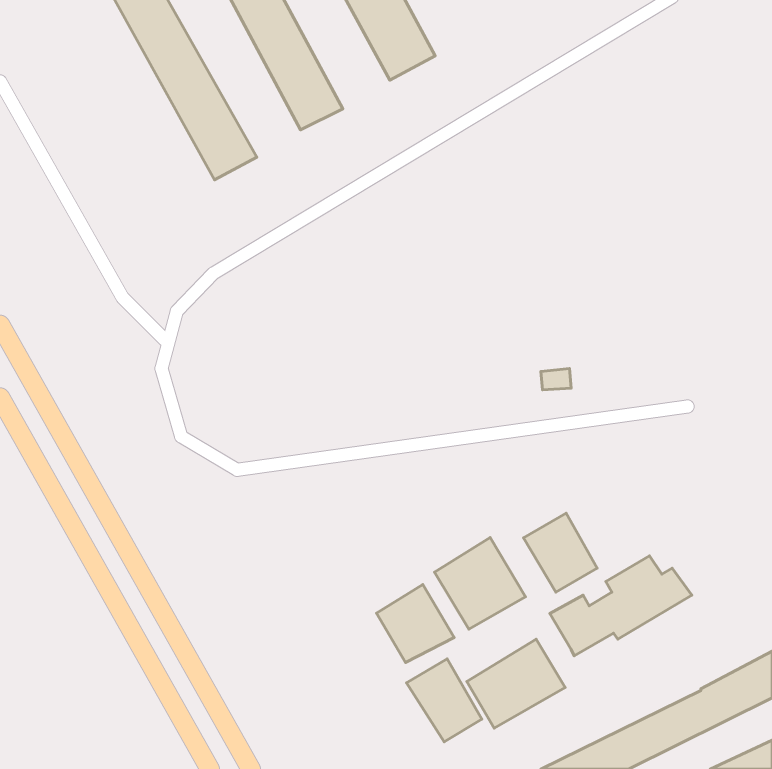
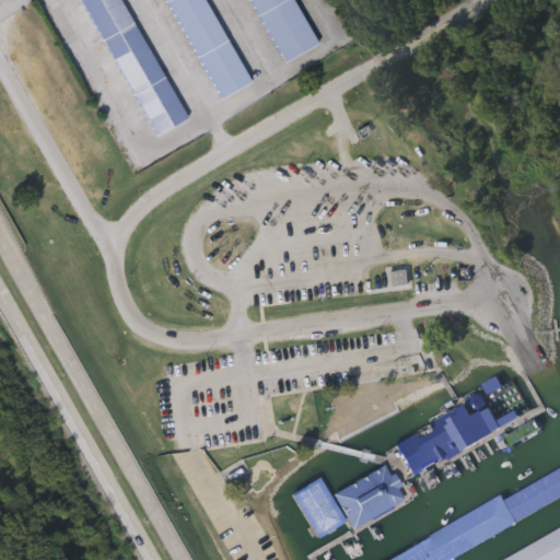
building: [523,513,597,592] -> none
building: [435,537,526,629] -> none
building: [377,584,454,662] -> none

